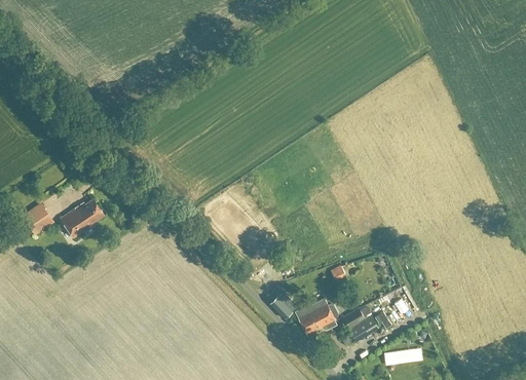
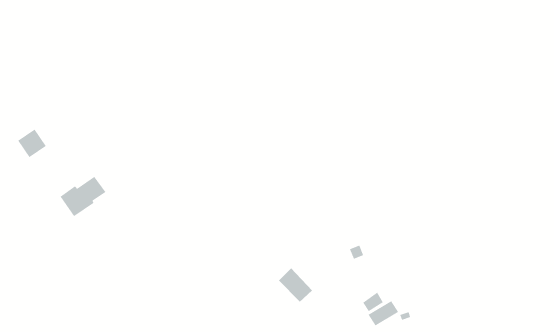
building: [24,204,51,232] -> [17,129,47,158]
building: [298,302,337,335] -> none

